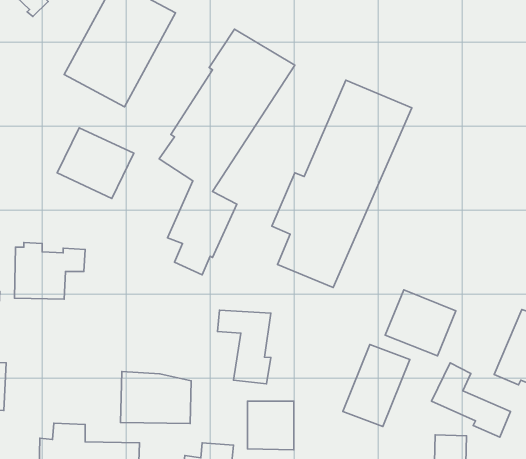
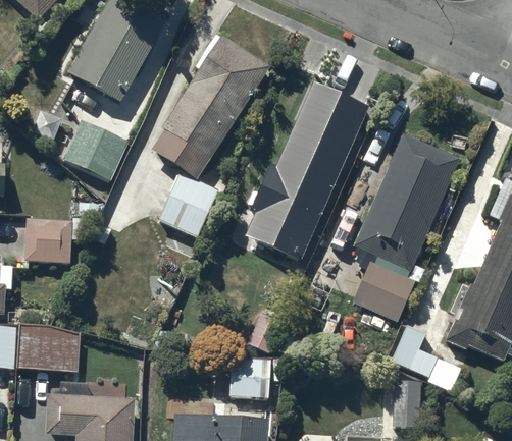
building: none -> [351,134,459,274]
building: [218,310,271,384] -> none
building: [343,344,410,427] -> none
building: [121,371,191,424] -> [17,327,80,373]

